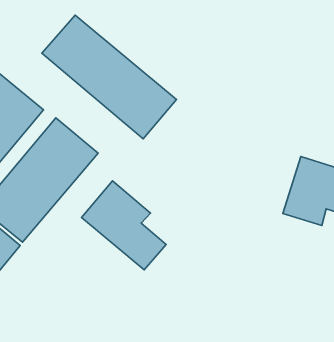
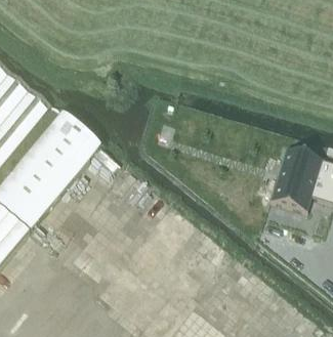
building: [42,15,176,139] -> none
building: [82,181,166,270] -> none

